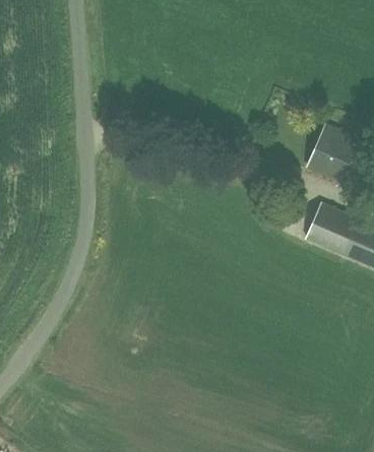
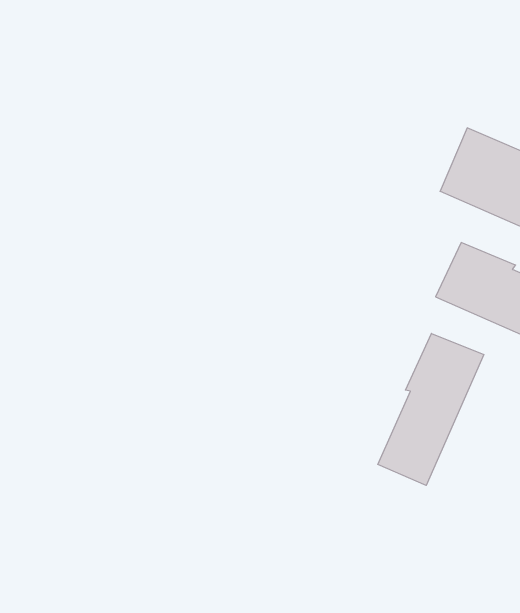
building: none -> [378,333,484,485]

